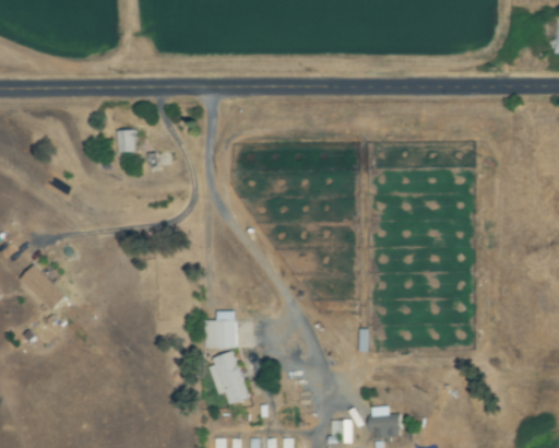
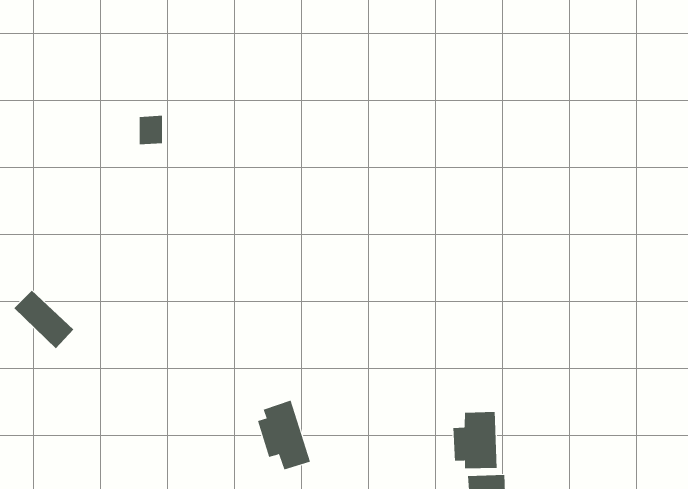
building: [204,311,237,350] -> none
building: none -> [453,411,497,469]

